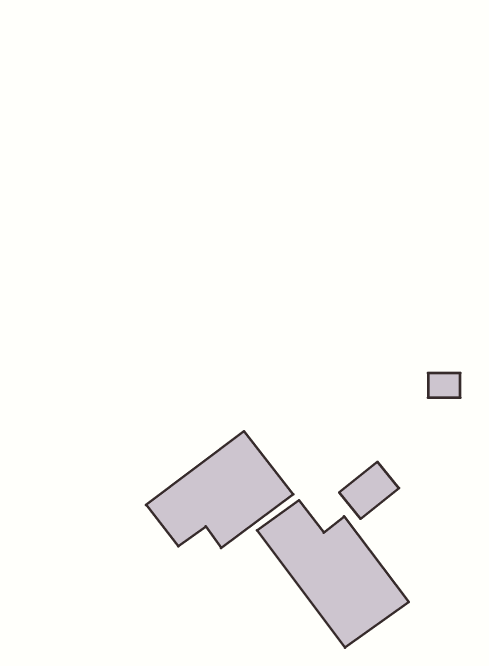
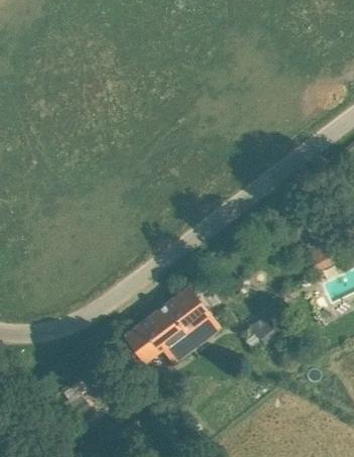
building: [257,500,409,648] -> none

